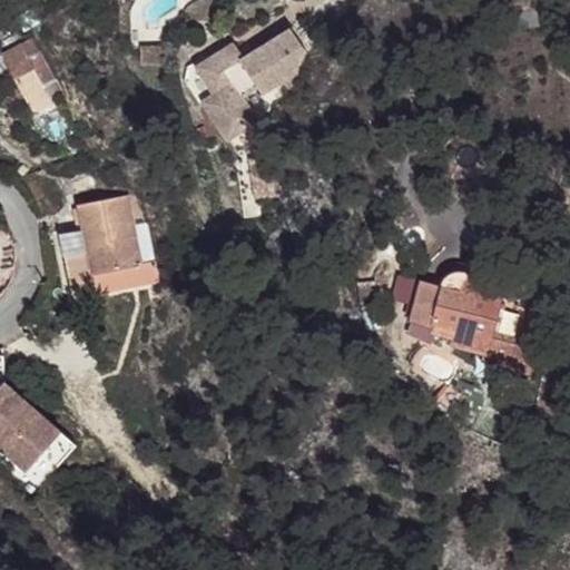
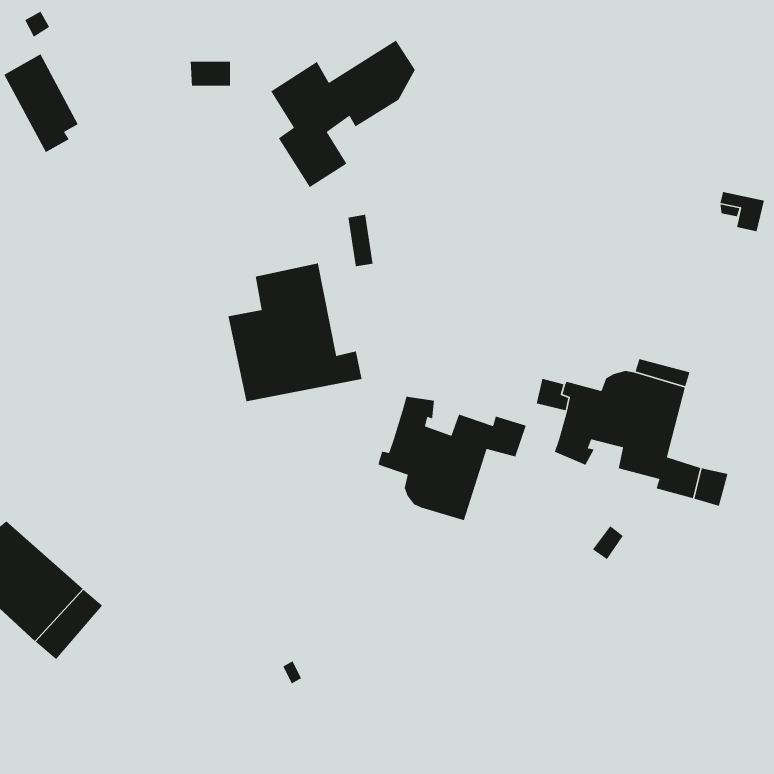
building: [59,194,158,296] -> [228,263,363,402]
building: none -> [378,396,527,521]

